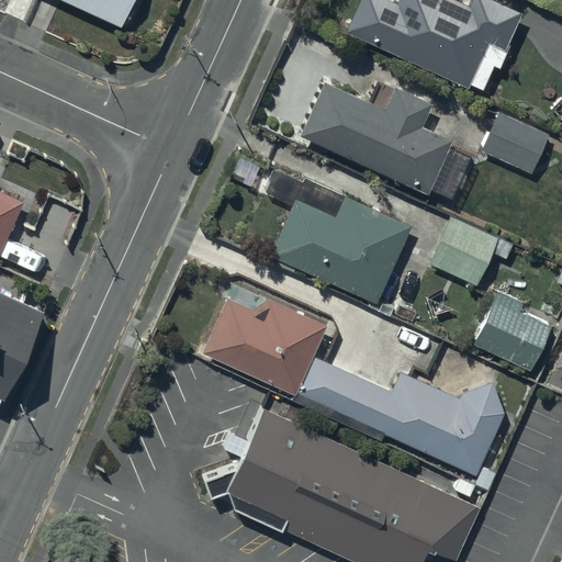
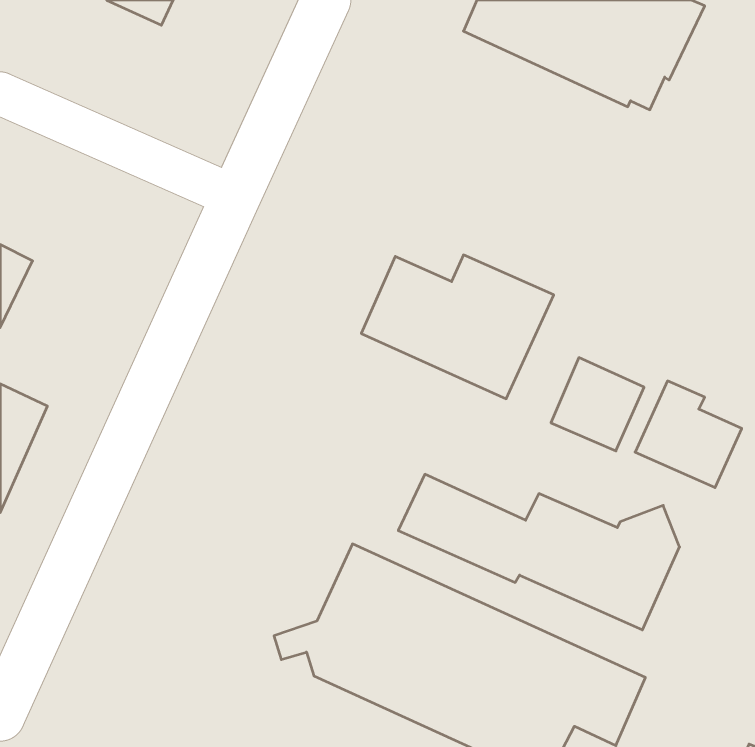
building: [300,81,451,191] -> none
building: [481,112,550,175] -> none
building: [429,216,498,285] -> [551,358,644,451]
building: [203,299,325,393] -> none

